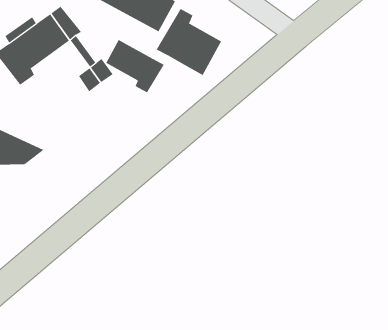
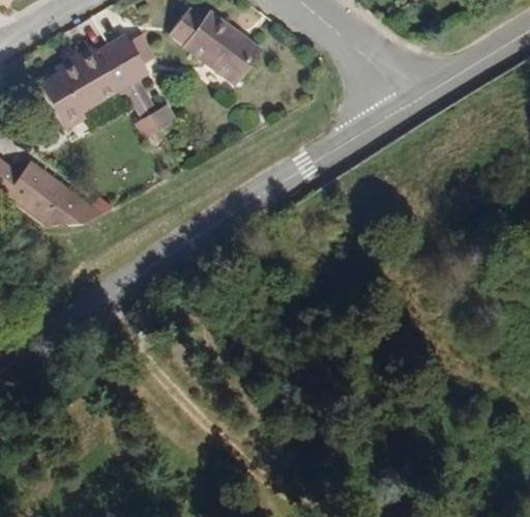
building: [156,8,222,76] -> none
building: [106,39,165,93] -> none

